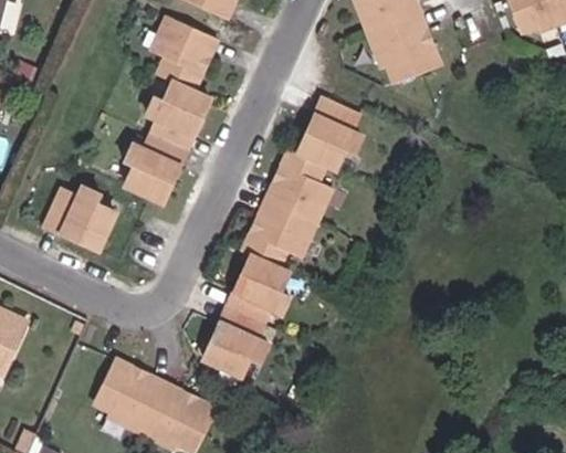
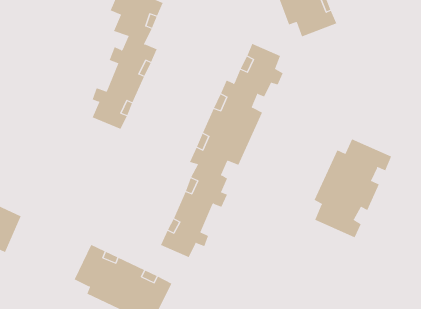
building: [45,181,114,242] -> none
building: none -> [314,139,392,238]

